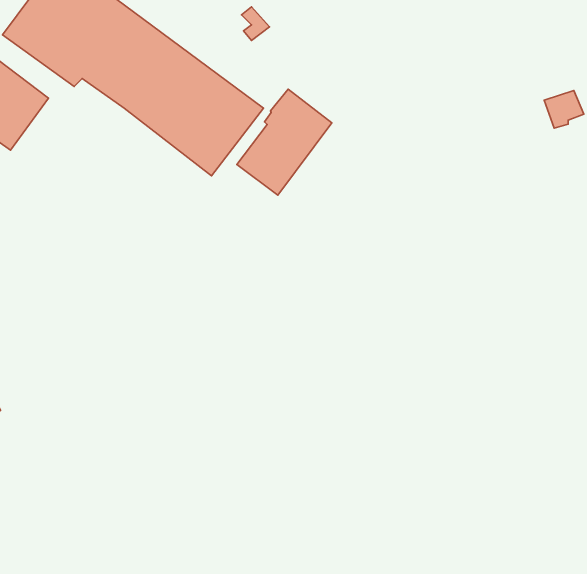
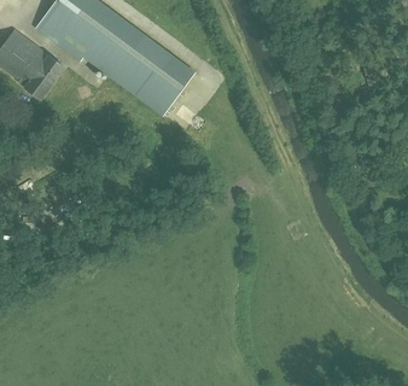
building: [237,89,332,195] -> none

